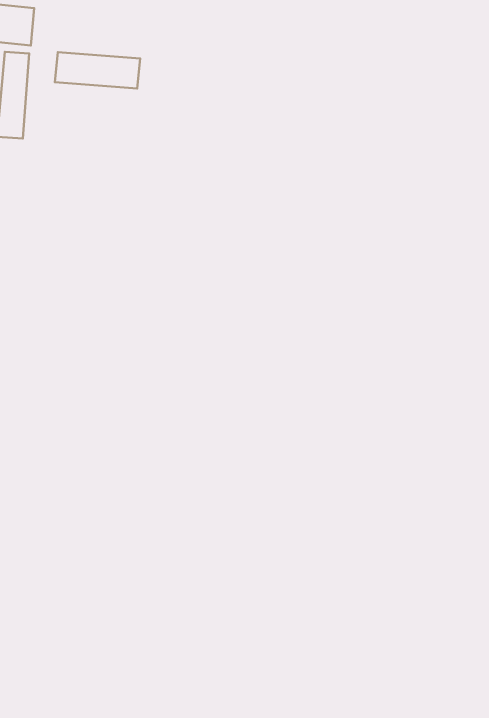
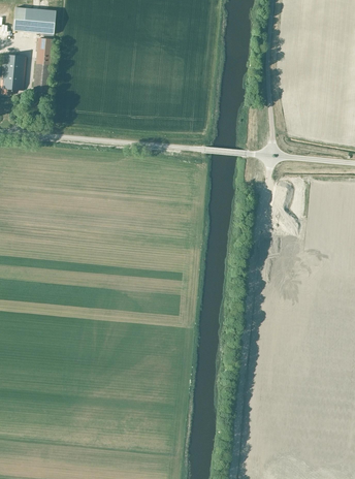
building: [55,52,140,88] -> none

